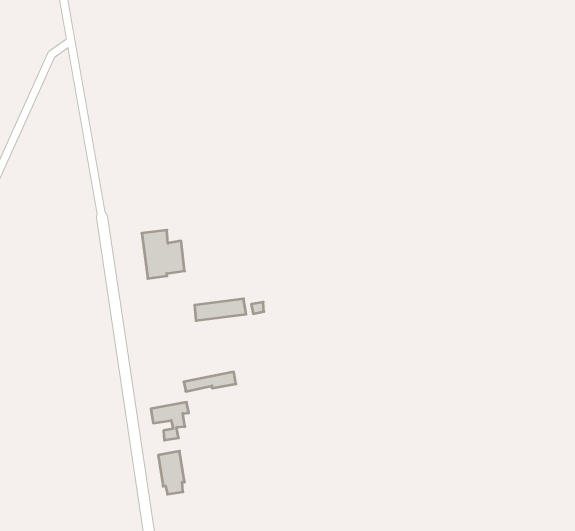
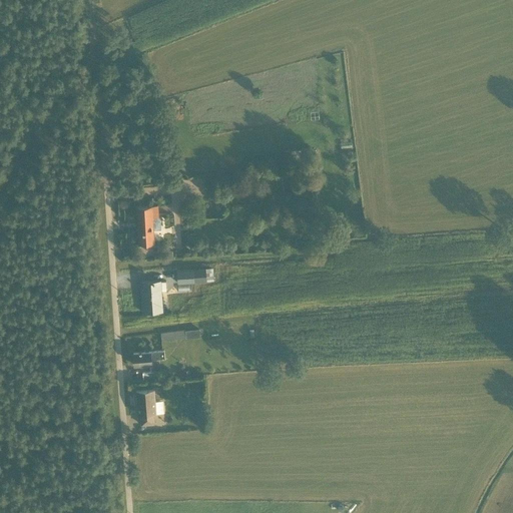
building: none -> [141,283,165,314]

